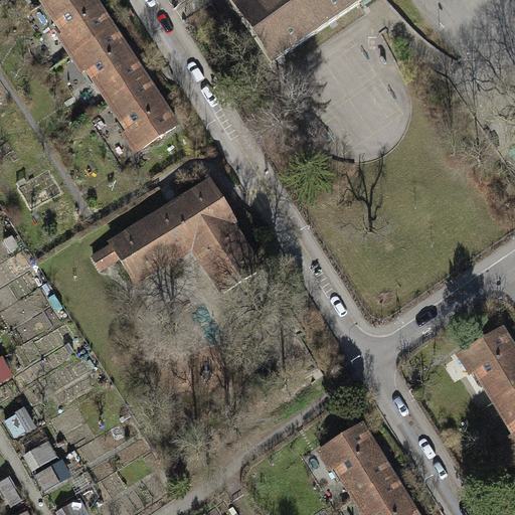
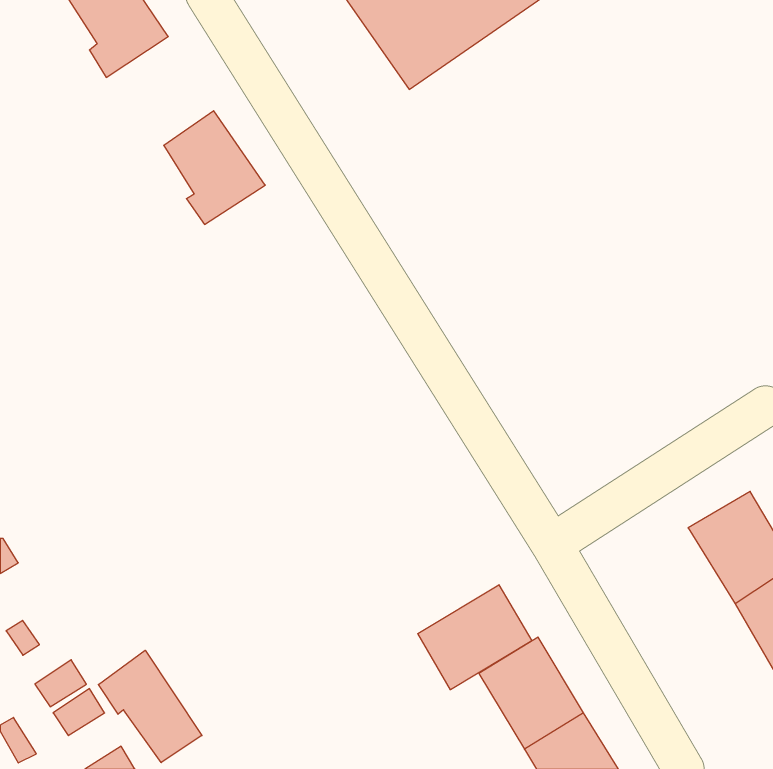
building: [71,24,143,97] -> none
building: [94,184,261,290] -> none
building: none -> [418,585,532,690]
building: none -> [98,650,202,763]

